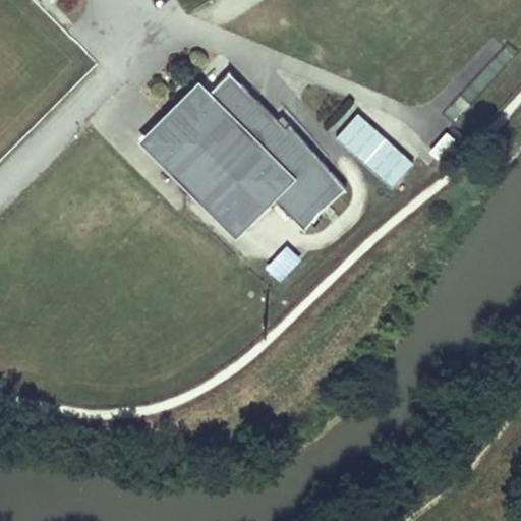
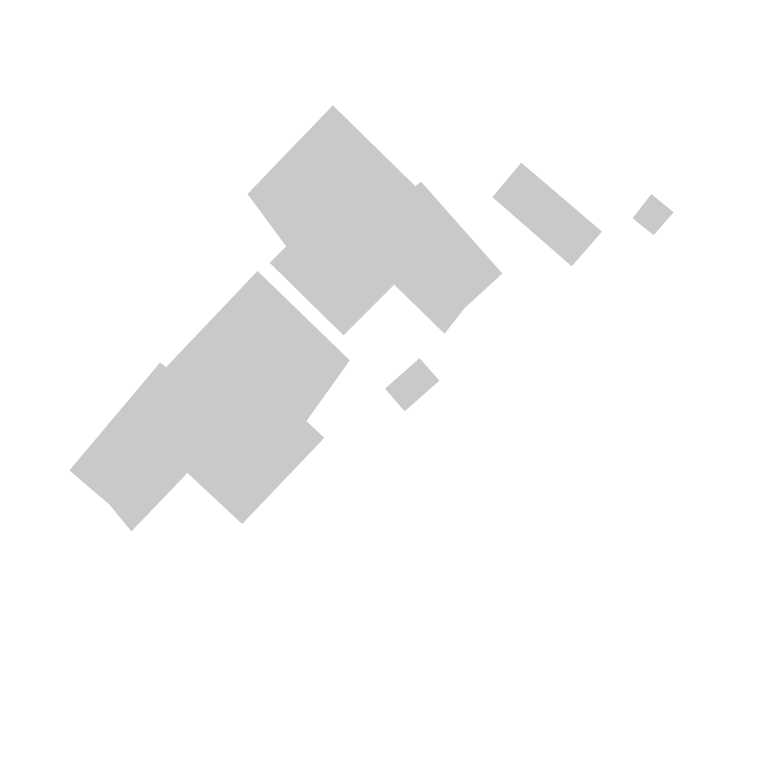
building: [143,91,204,182] -> none
building: none -> [68,270,351,532]

